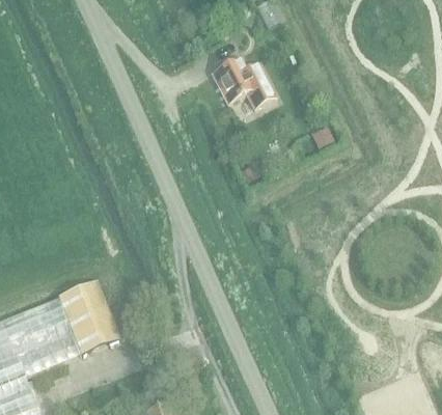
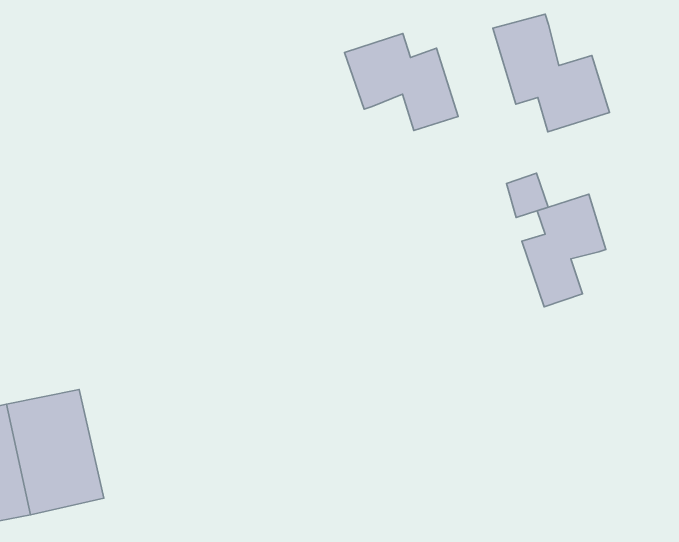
building: none -> [493,14,610,132]
building: none -> [522,194,606,307]

